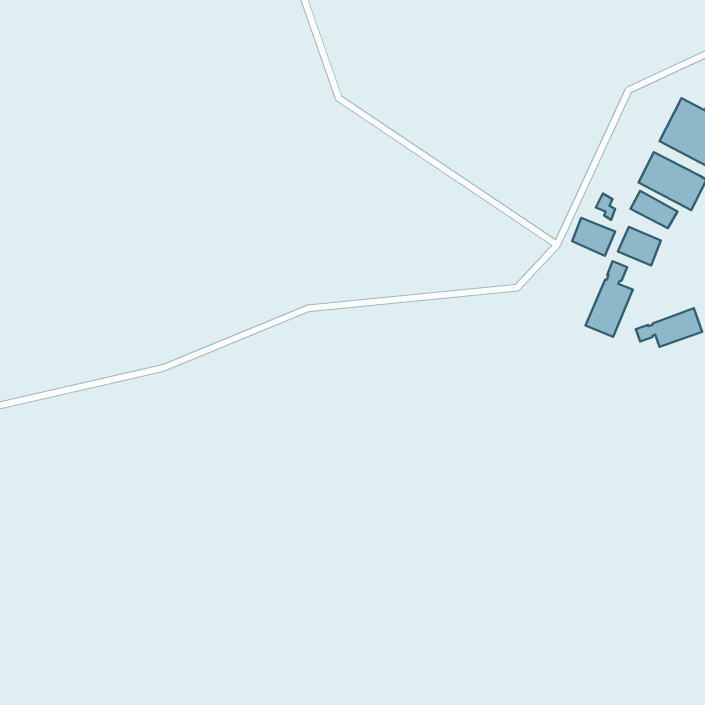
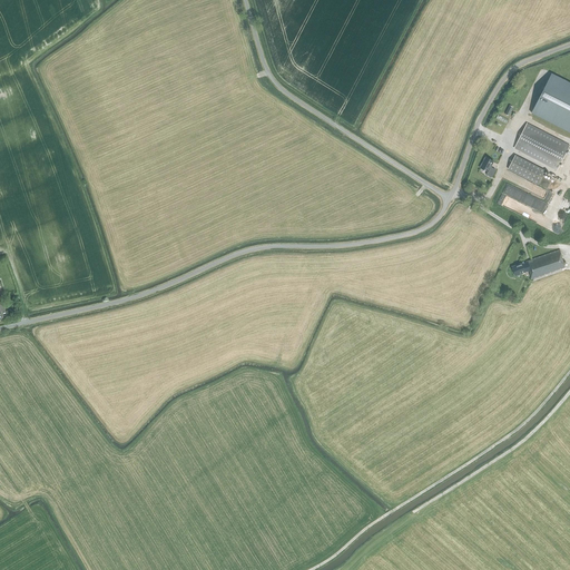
building: [572,218,615,256] -> none
building: [586,261,633,337] -> none

